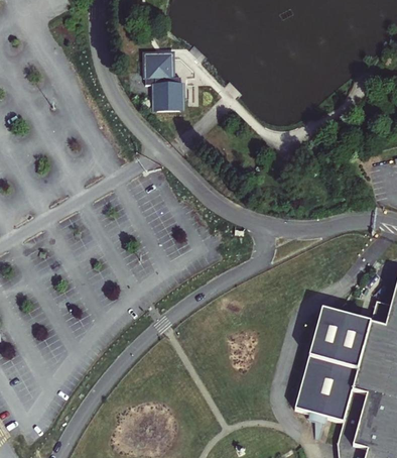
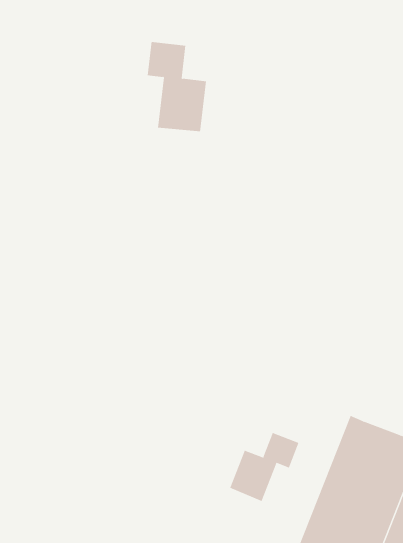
building: none -> [229,432,299,502]

